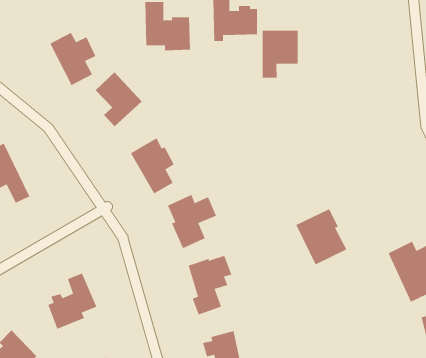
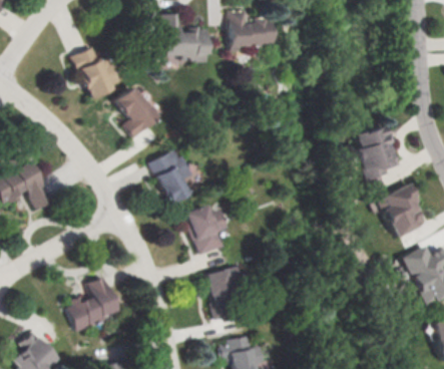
building: [262,30,298,79] -> none
building: none -> [351,125,401,182]
building: [296,208,347,265] -> [376,185,426,240]

